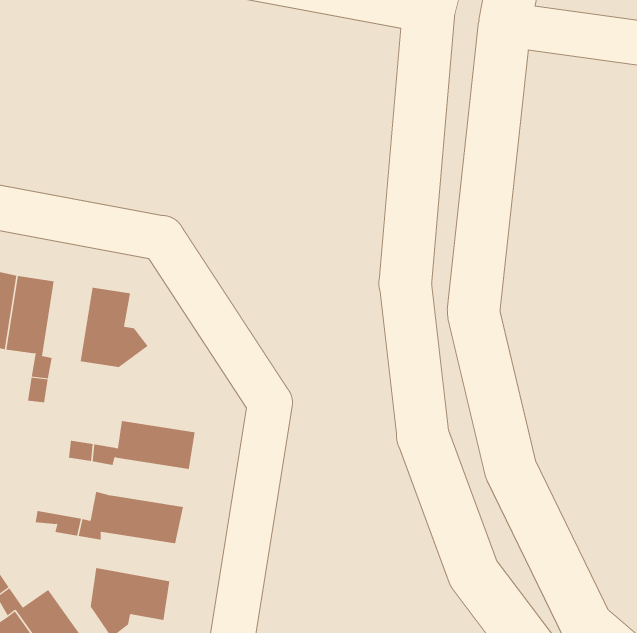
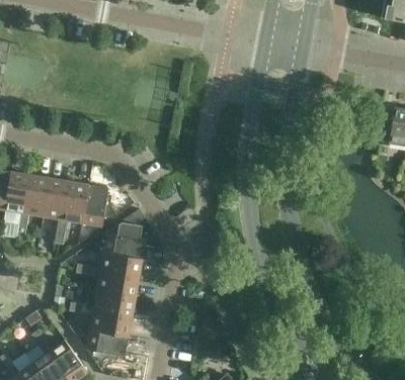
building: none -> [62,182,87,223]
building: none -> [102,222,144,260]
building: none -> [96,273,138,298]
building: none -> [89,311,131,337]

